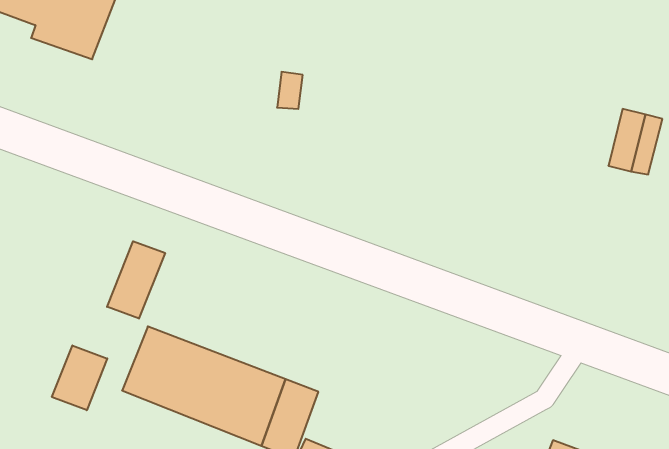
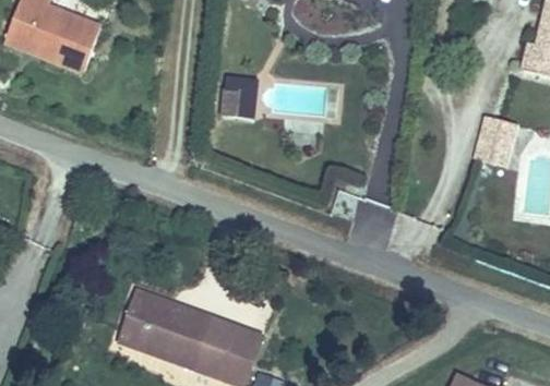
building: [107,241,165,319] -> none
building: [52,345,107,410] -> none

